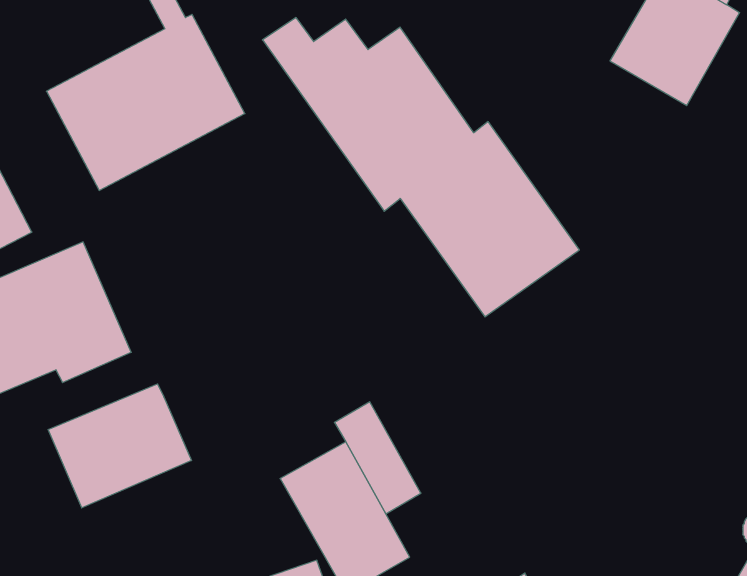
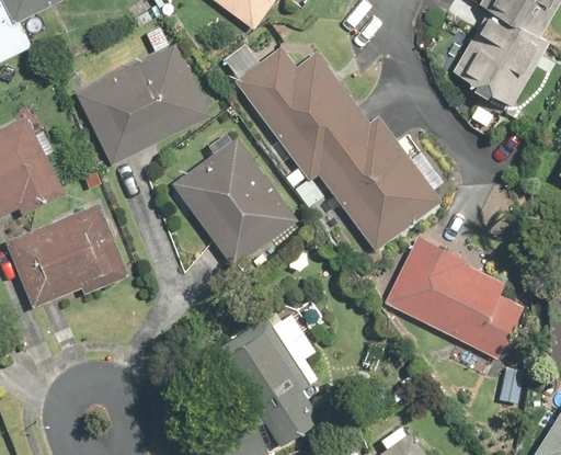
building: none -> [173,129,298,265]
building: none -> [385,234,524,360]
building: [48,384,191,508] -> none

